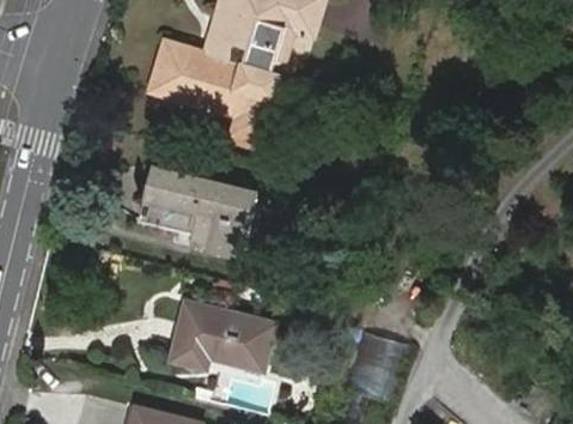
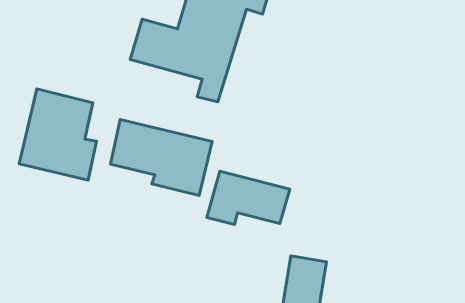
building: none -> [19,89,96,180]
building: [171,302,272,367] -> [207,171,290,225]

